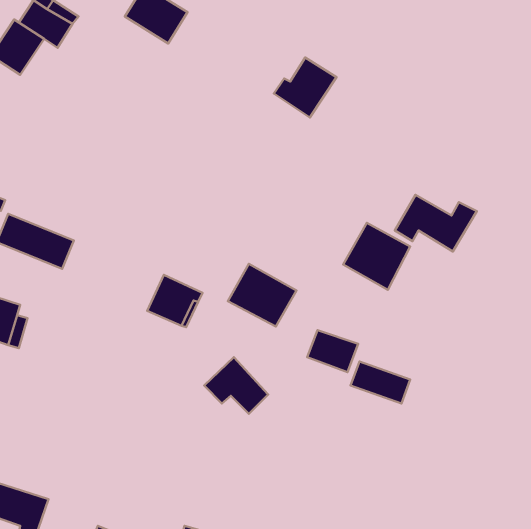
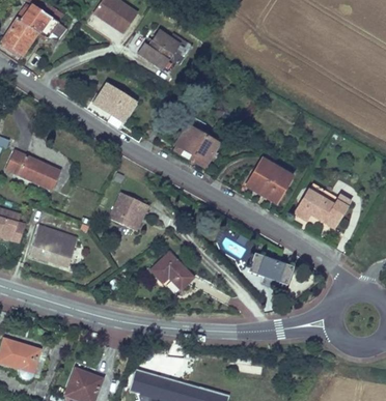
building: [274,58,337,117] -> [138,29,182,70]
building: none -> [93,83,135,118]
building: [395,195,477,251] -> [295,189,352,228]
building: [228,264,297,326] -> [172,124,220,168]
building: none -> [30,227,78,267]

